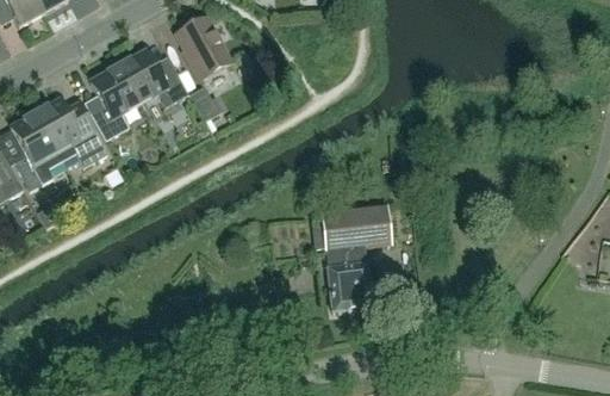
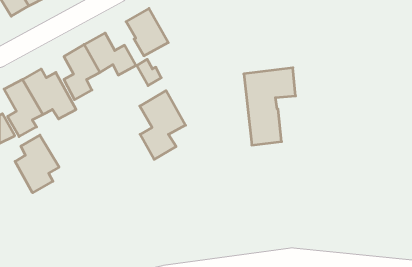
building: none -> [140,91,186,159]
building: none -> [15,135,59,193]
building: [319,205,390,310] -> [244,68,296,145]

